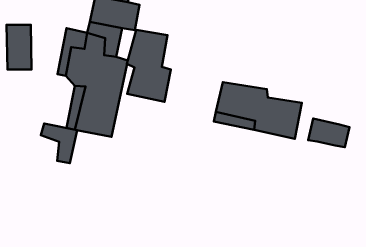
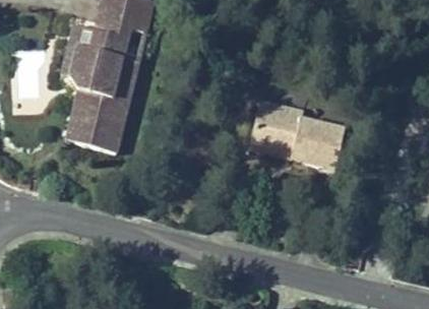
building: [127,30,171,102] -> none
building: [308,118,350,147] -> none
building: [41,124,77,163] -> none

